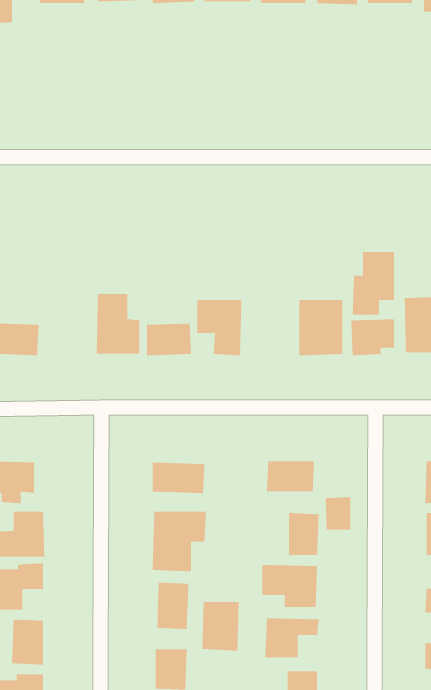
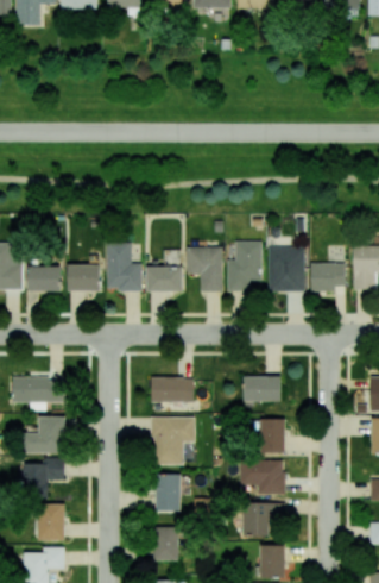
building: [352,251,395,315] -> [227,240,261,292]
building: none -> [68,264,100,290]
building: [325,496,351,530] -> none
building: [202,601,239,651] -> none

